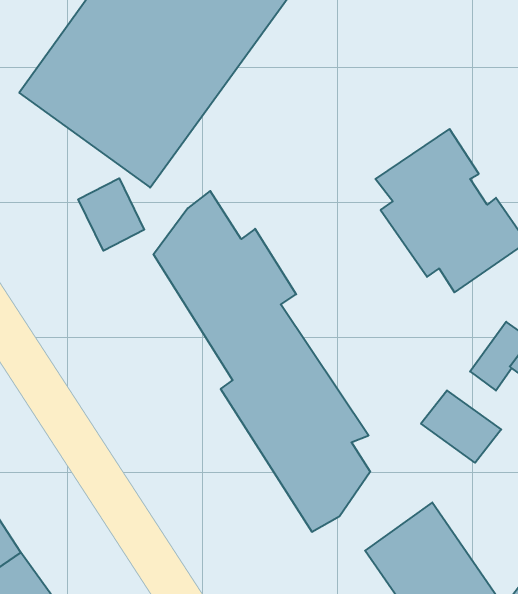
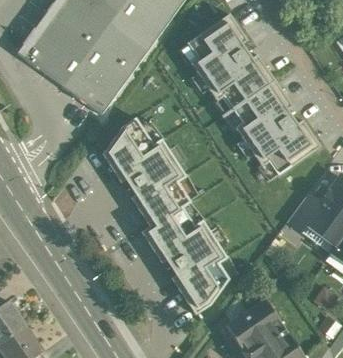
building: none -> [186,14,274,109]
building: [78,178,144,251] -> none
building: [421,390,501,463] -> none

